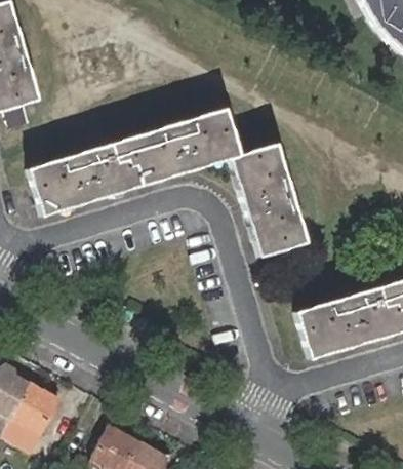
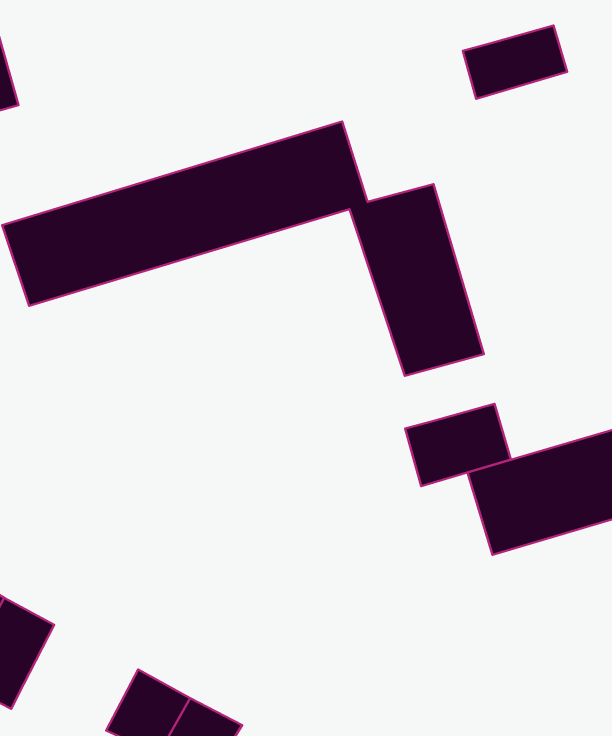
building: none -> [463,26,567,99]
building: none -> [405,404,511,486]

